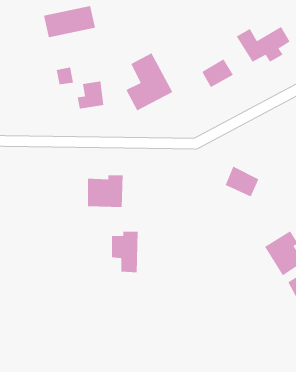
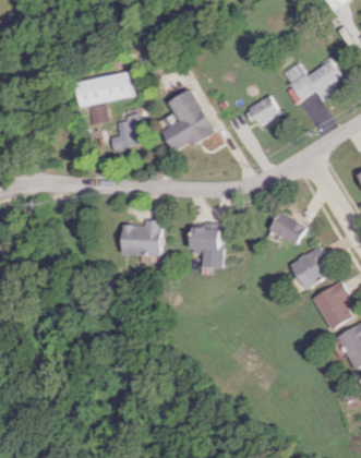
building: [43,6,96,38] -> [74,72,131,107]
building: none -> [289,248,333,290]
building: [111,231,139,273] -> [191,224,220,268]

